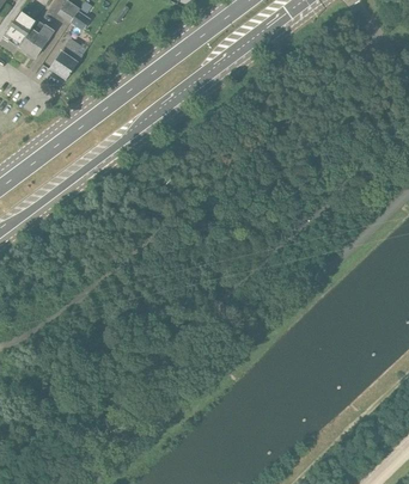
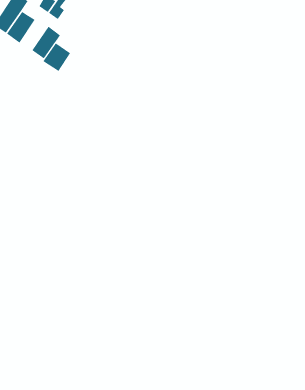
building: none -> [43,43,71,72]

